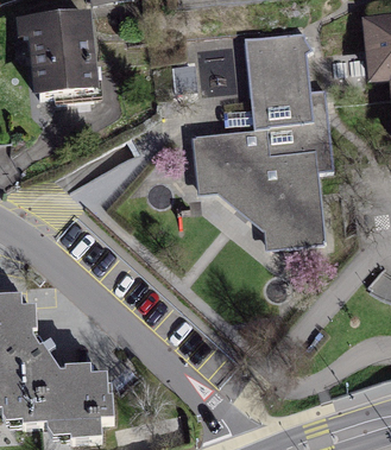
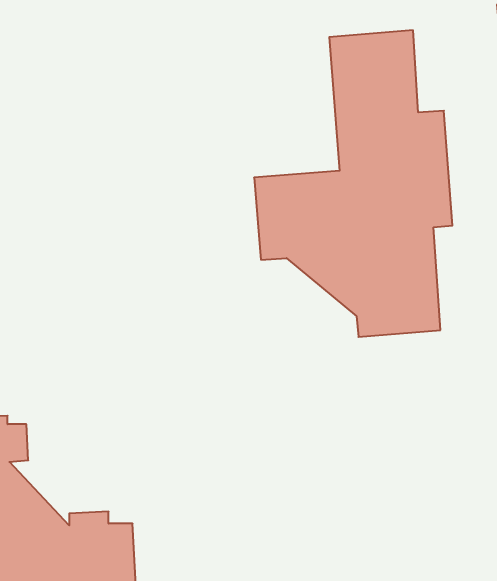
building: [30,17,101,97] -> none

